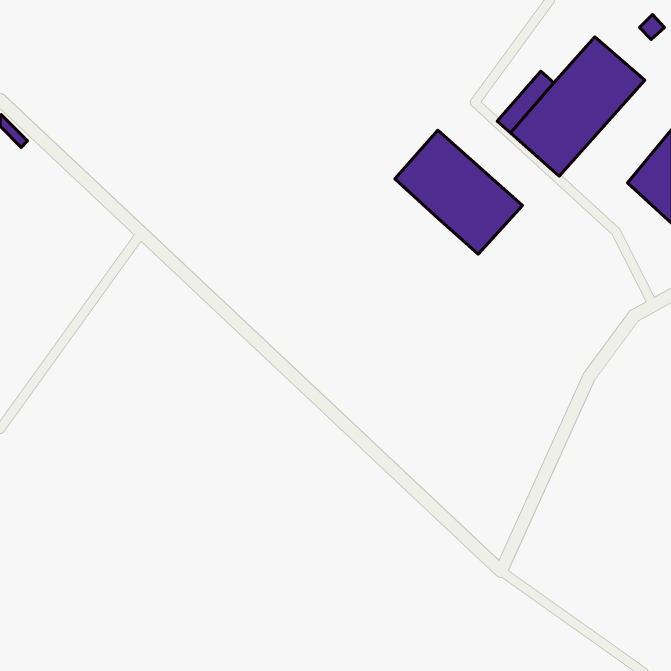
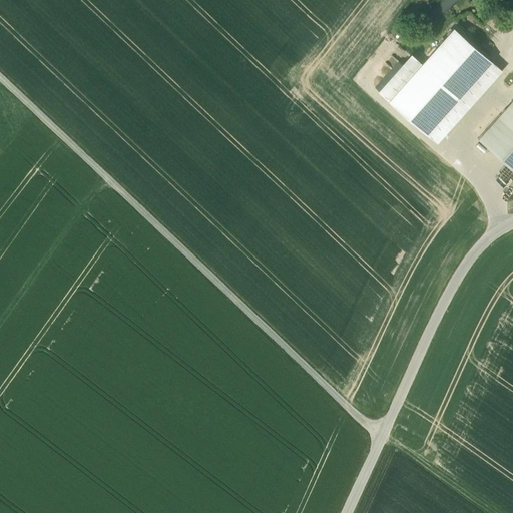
building: none -> [427,62,503,144]
building: [395,130,522,254] -> none

